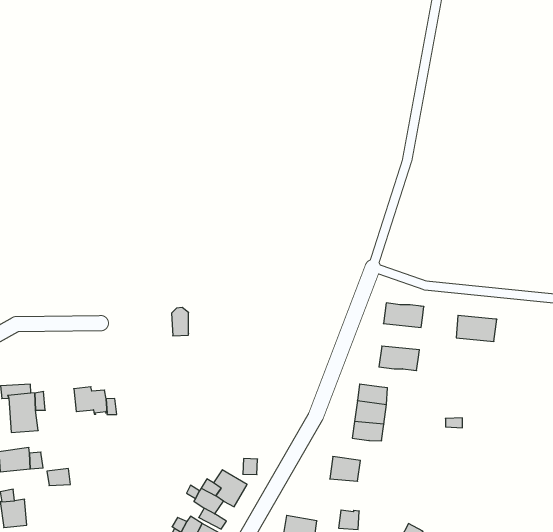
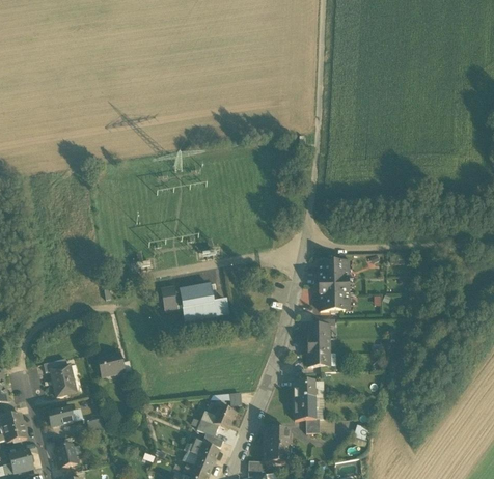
building: none -> [180,284,228,320]
building: [456,315,497,341] -> [319,278,348,295]
building: none -> [295,397,315,420]

